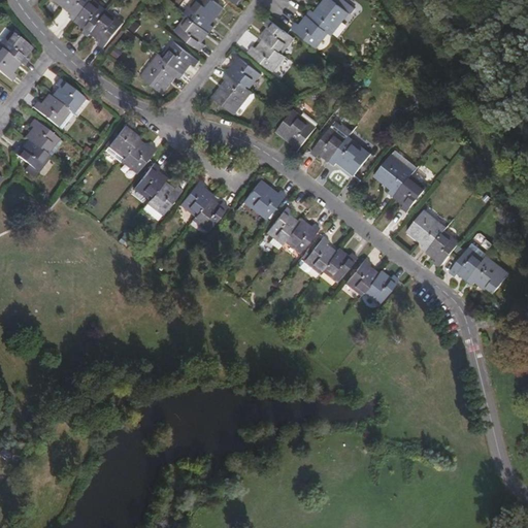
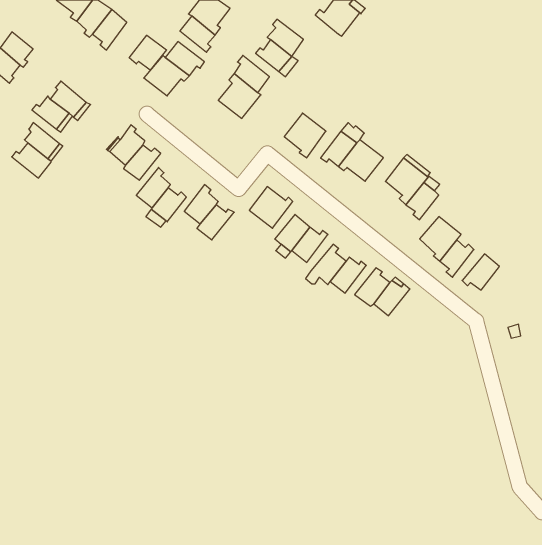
building: [290,14,328,48] -> none
building: none -> [129,35,167,70]
building: [466,254,509,296] -> none

